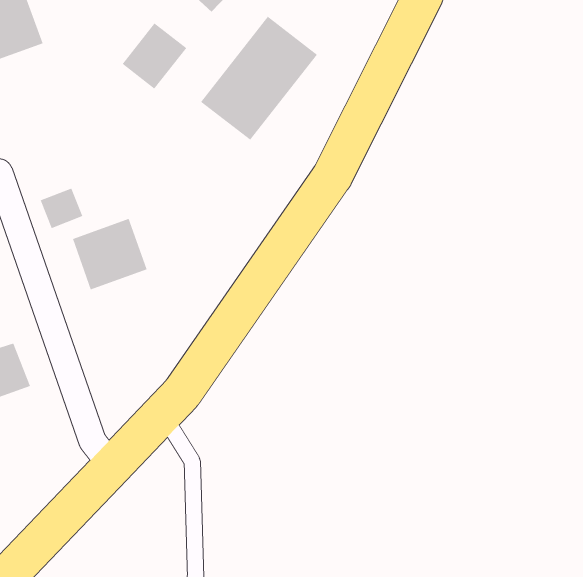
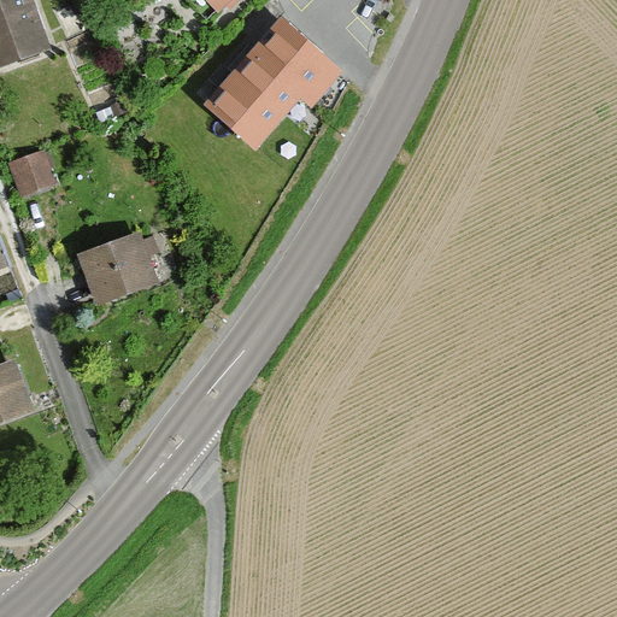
building: [122,23,187,90] -> none
building: [40,188,83,229] -> [8,152,54,195]

